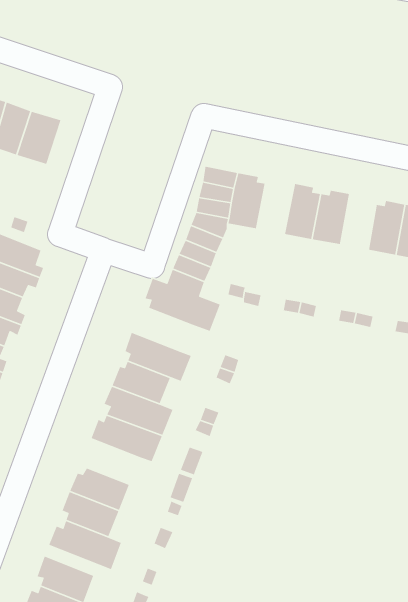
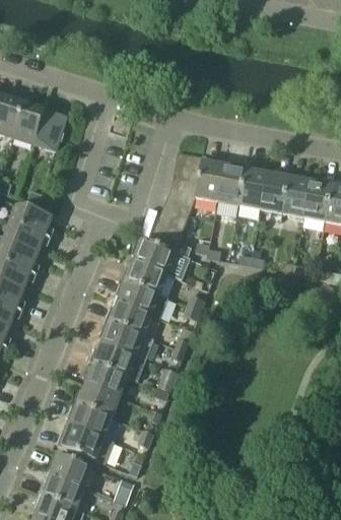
building: none -> [217,162,247,205]
building: none -> [282,174,310,217]
building: none -> [121,262,167,296]
building: none -> [83,363,138,401]

